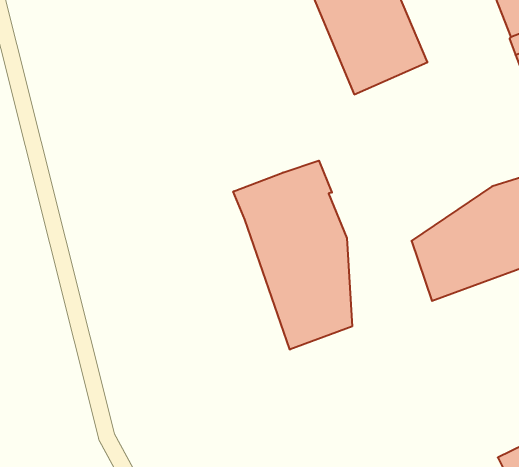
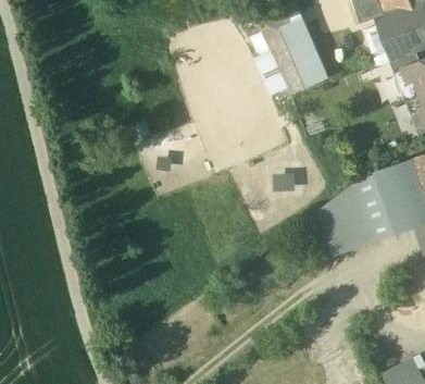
building: [233,161,352,350] -> none

